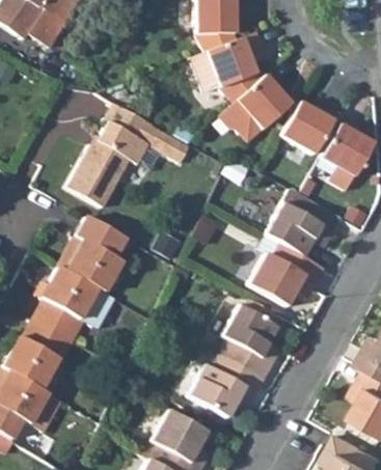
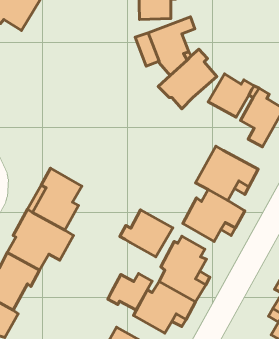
building: [65,104,190,209] -> none
building: none -> [120,210,173,257]
building: none -> [108,273,152,310]

